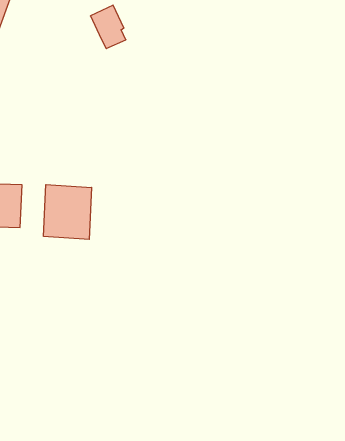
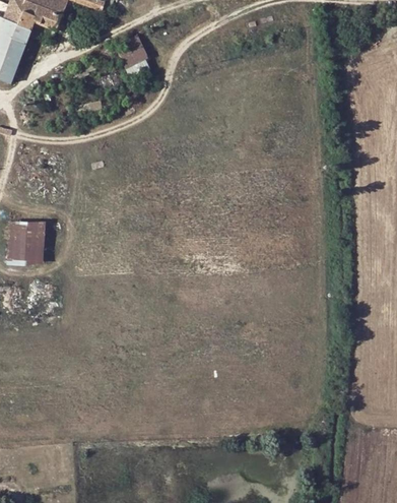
building: [44,185,92,239] -> none

